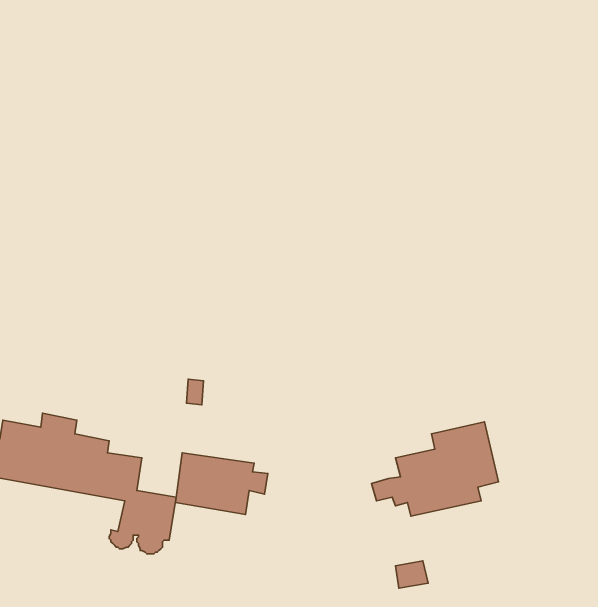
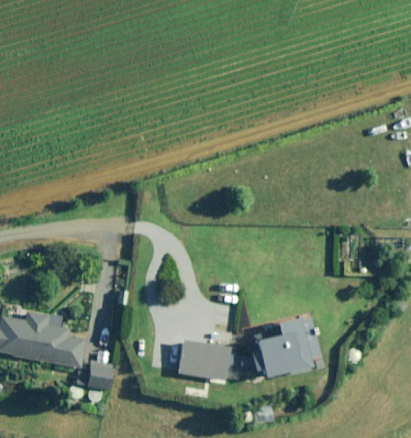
building: [175,453,268,515] -> [179,341,238,381]

